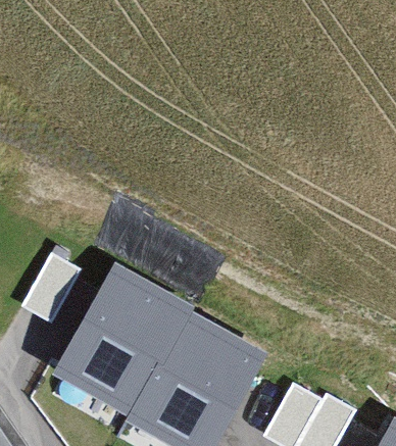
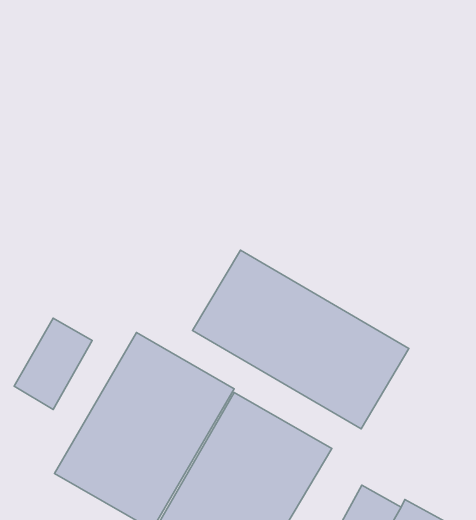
building: none -> [193,250,409,429]

